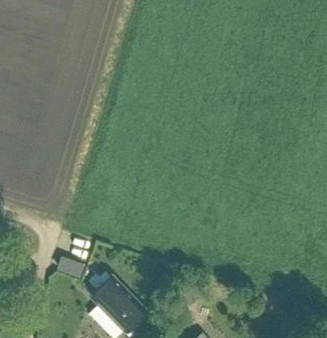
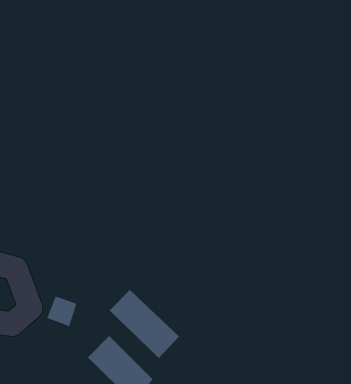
building: none -> [109,289,180,359]

